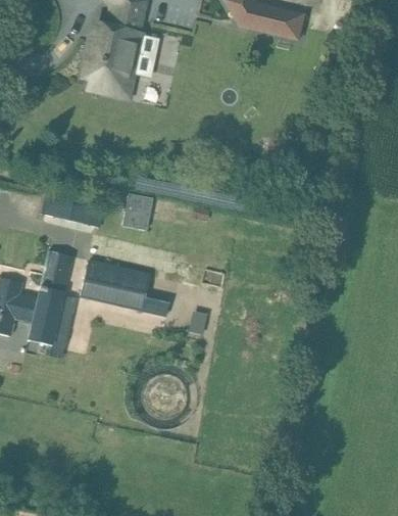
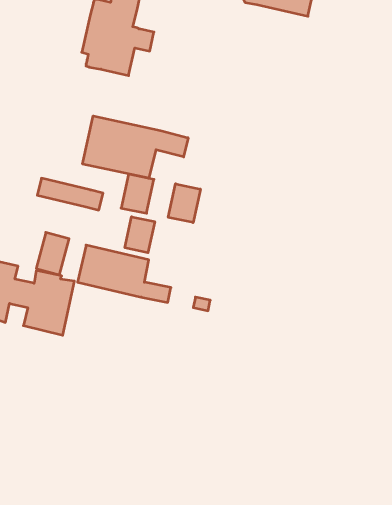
building: none -> [83,116,188,178]
building: none -> [168,184,200,223]
building: none -> [125,217,155,253]

